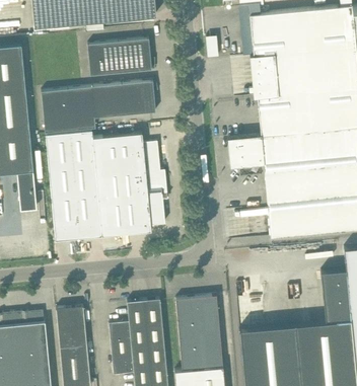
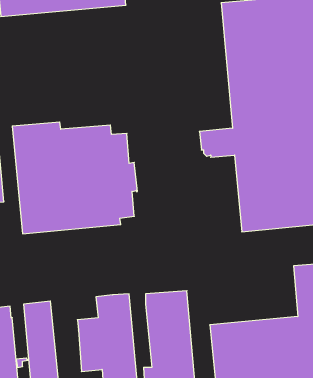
building: [88,40,152,77] -> none
building: [42,82,156,136] -> none

